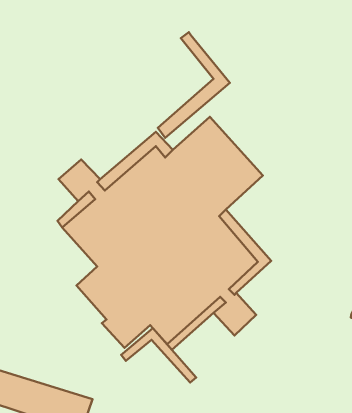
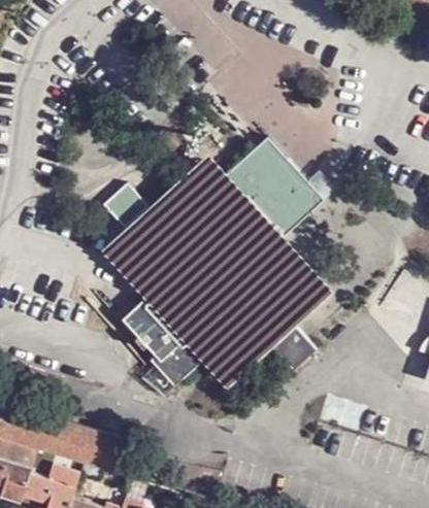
building: [158,32,230,138] -> none
building: [121,328,196,382] -> none

